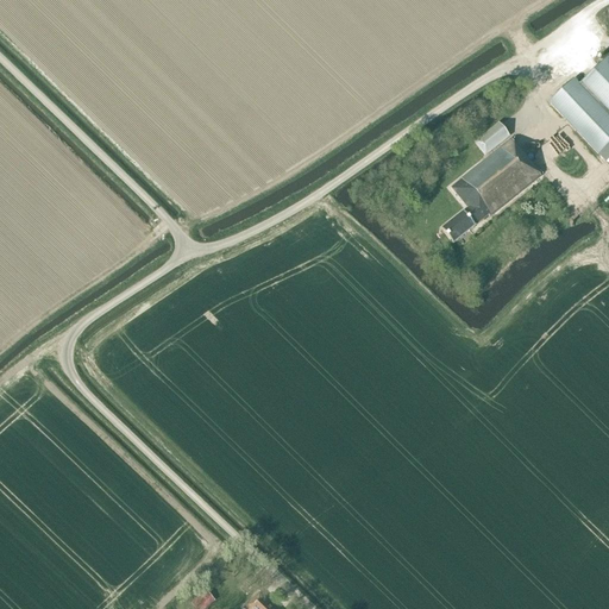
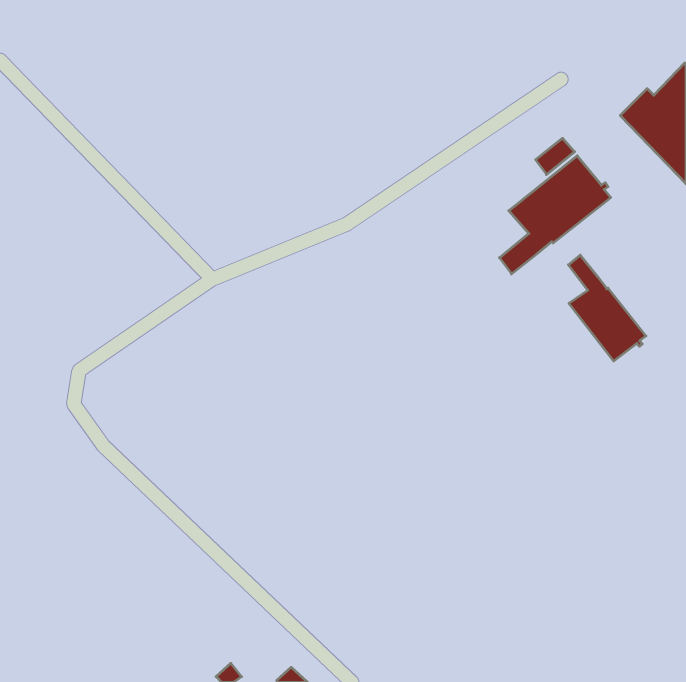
building: none -> [568,255,646,361]

